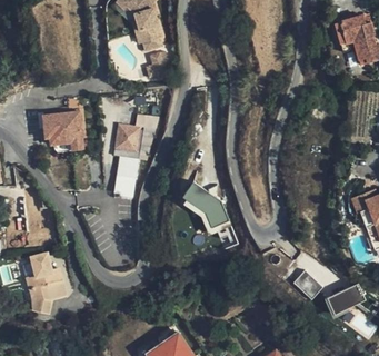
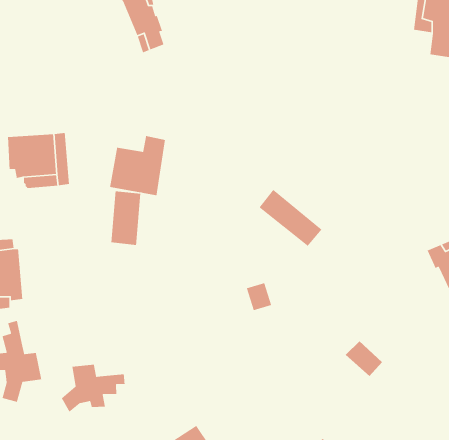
building: [181,181,230,226] -> [258,189,322,247]
building: [323,284,365,318] -> none
building: none -> [61,364,125,413]

